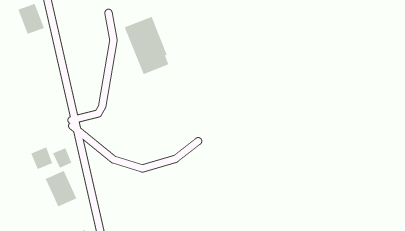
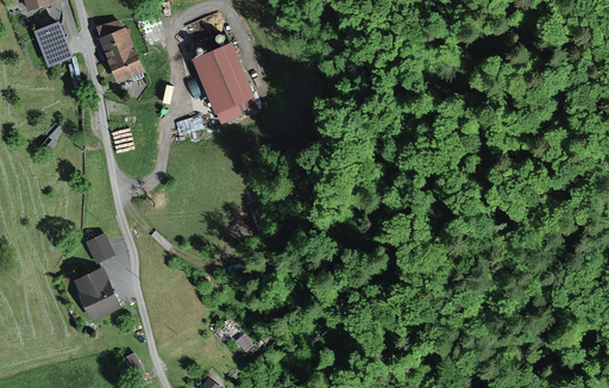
building: none -> [95,21,144,82]
building: [30,146,53,170] -> none

